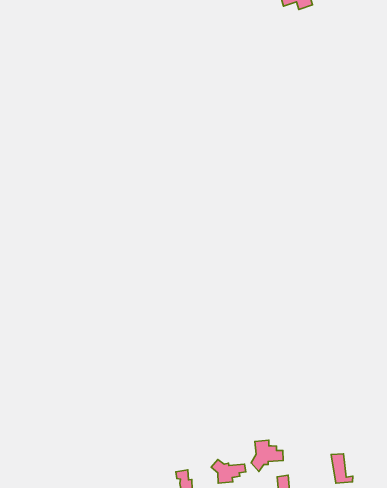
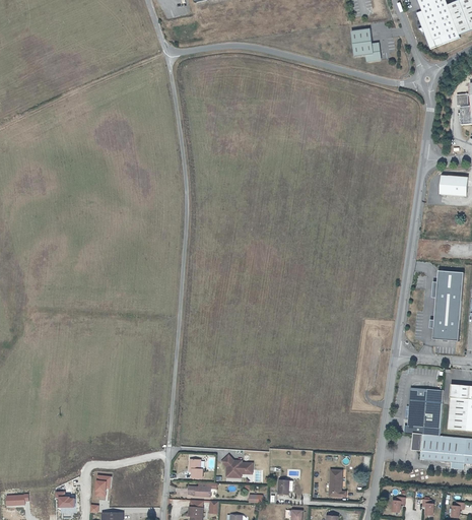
building: [251,440,283,471] -> none

